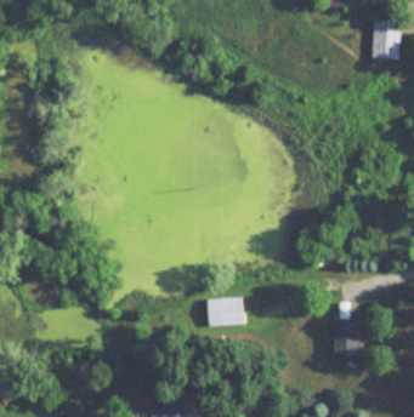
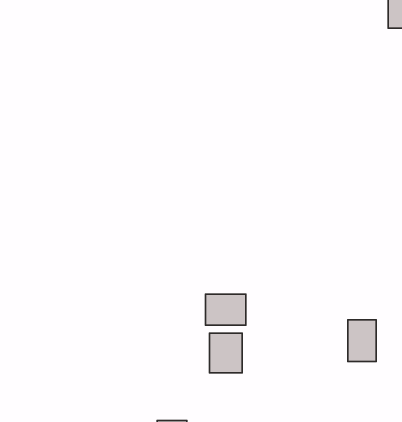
building: none -> [209,333,242,373]

